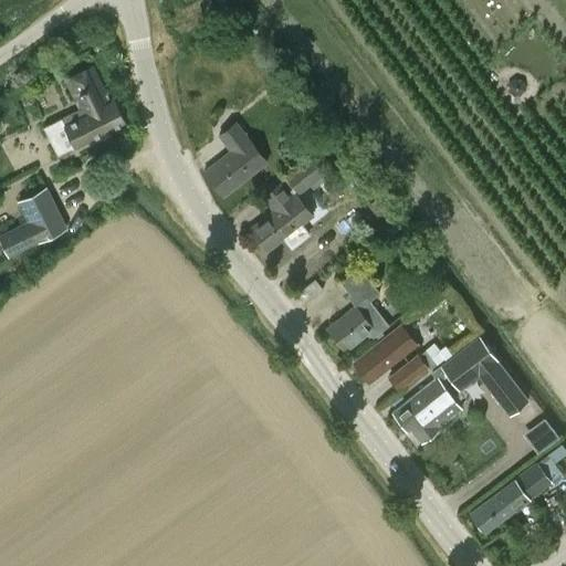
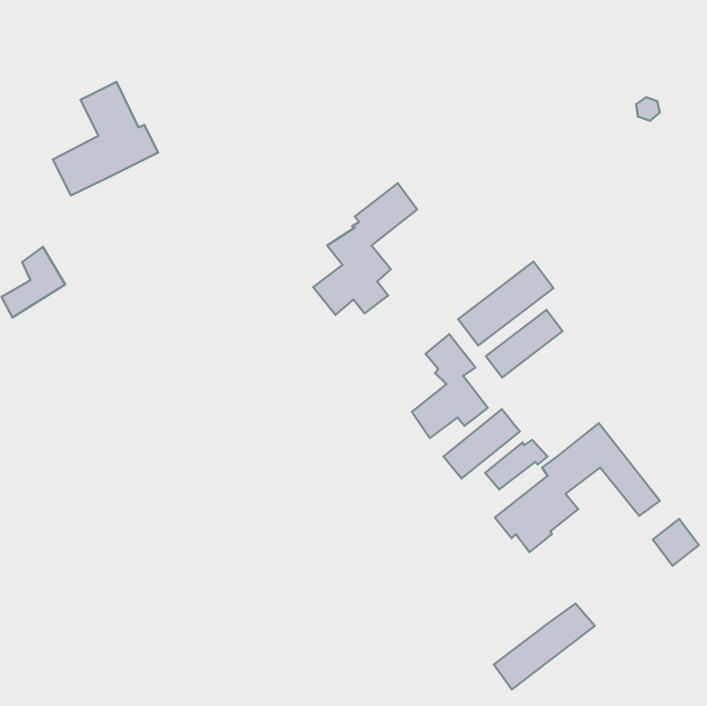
building: [205,124,269,199] -> none
building: none -> [458,262,554,346]
building: none -> [486,310,563,377]
building: [471,465,552,534] -> [494,604,595,690]

